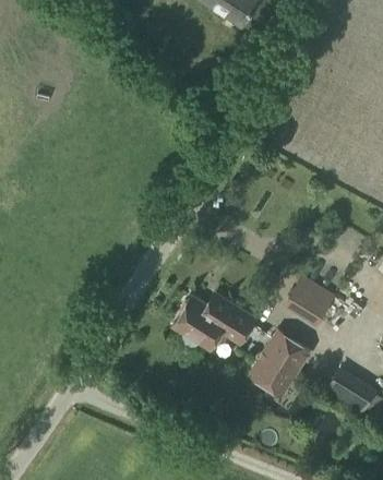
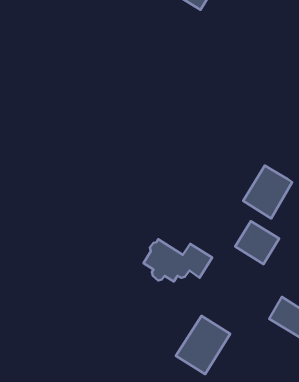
building: none -> [243,166,292,218]
building: [248,327,312,397] -> [176,316,230,374]

